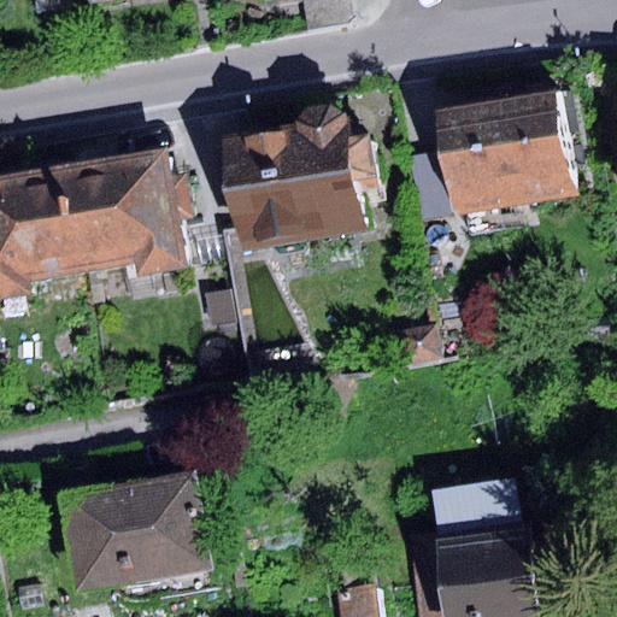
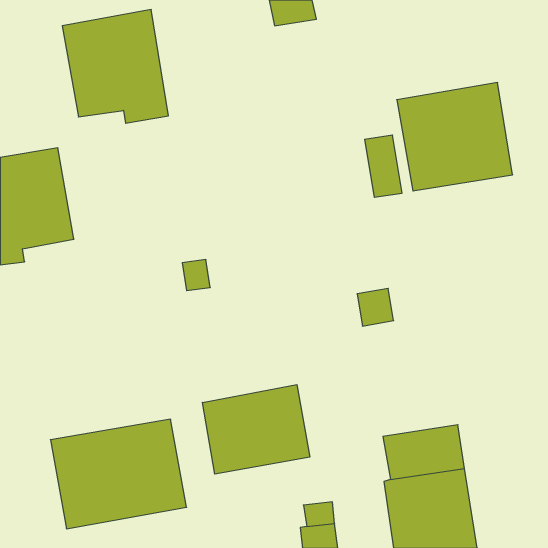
building: [223,106,375,248] -> none
building: [65,148,184,276] -> [62,10,168,123]
building: none -> [202,385,310,474]

